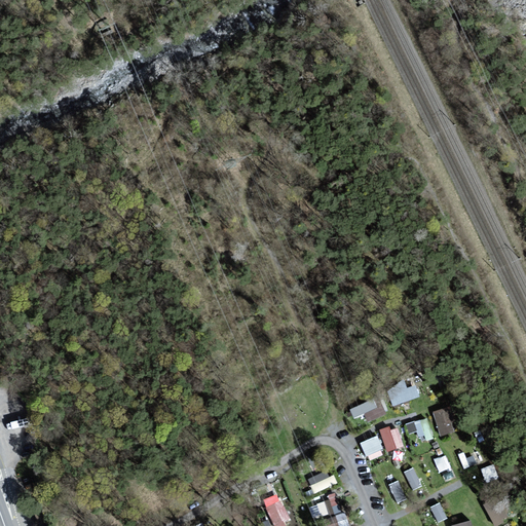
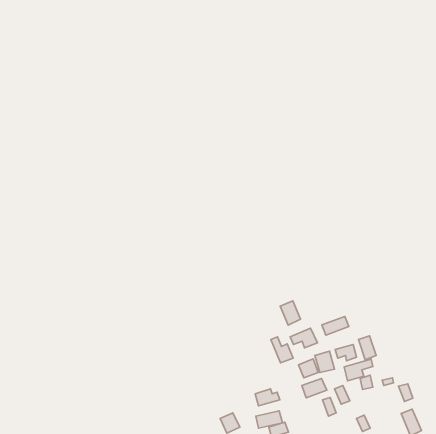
building: none -> [280,301,300,325]
building: none -> [271,337,293,363]
building: none -> [344,359,373,381]
building: none -> [302,378,327,398]

